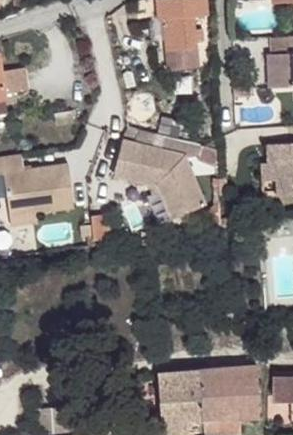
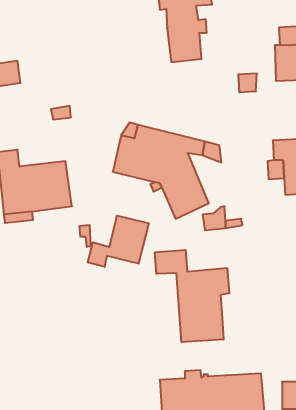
building: none -> [88,216,149,267]
building: none -> [155,250,229,342]

